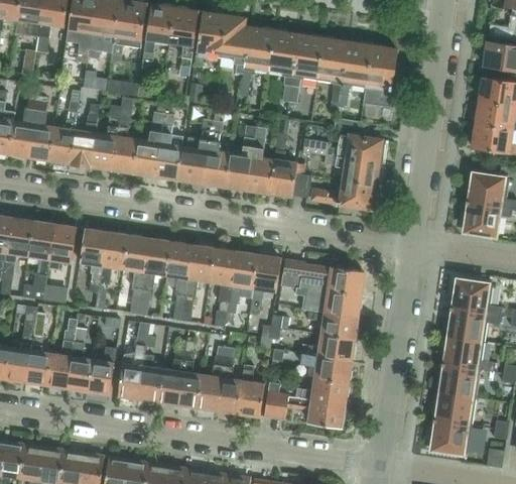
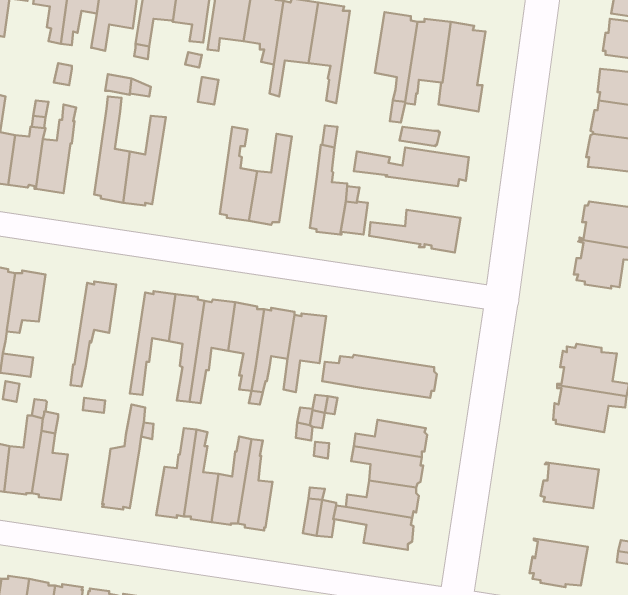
building: [288,32,324,103] -> none
building: [90,105,121,170] -> none
building: [154,112,181,180] -> none
building: [181,118,213,184] -> none
building: [247,126,274,195] -> none
building: [324,155,381,186] -> none
building: [80,228,107,292] -> none
building: [123,234,149,314] -> none
building: [280,260,364,294] -> none
building: [307,310,358,339] -> none
building: [441,336,484,369] -> none
building: [88,346,116,394] -> none
building: [138,354,163,402] -> none
building: [237,363,265,416] -> none
building: [432,392,476,426] -> none

